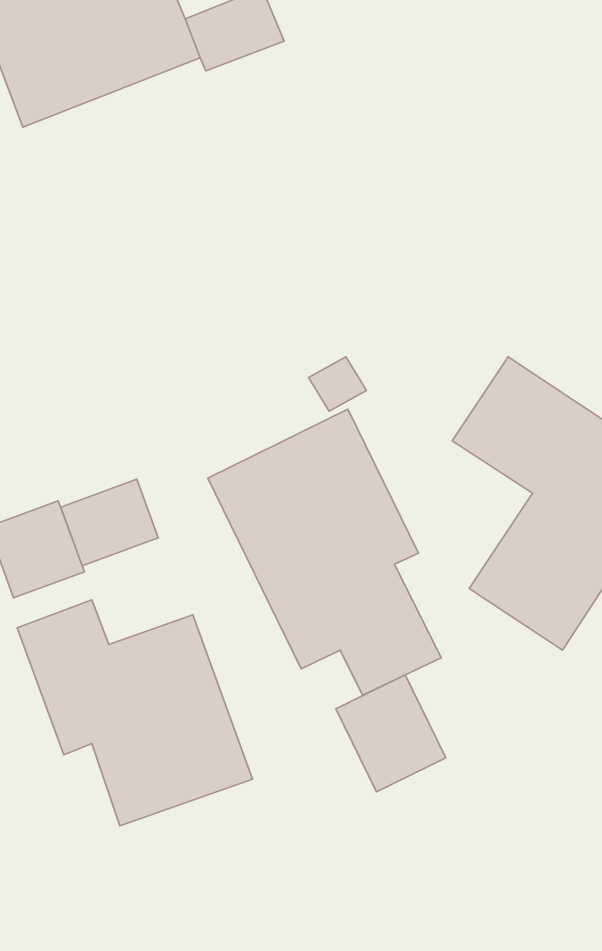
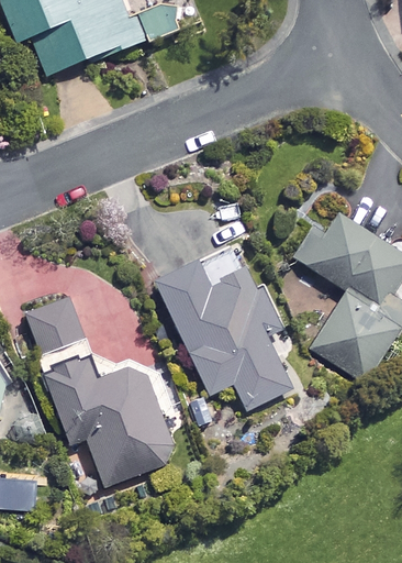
building: [61,479,158,566] -> none
building: [336,675,446,792] -> none

